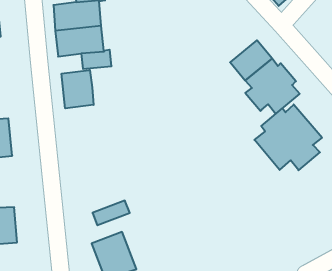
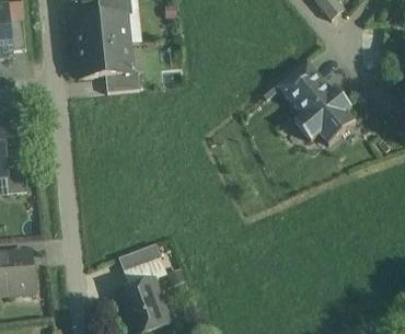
building: [62,70,94,108] -> none
building: [254,104,322,170] -> none

